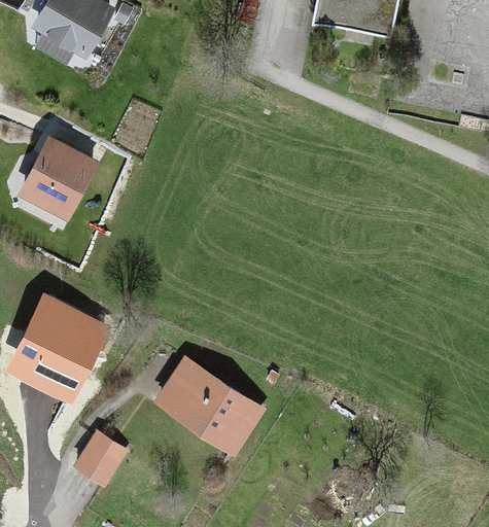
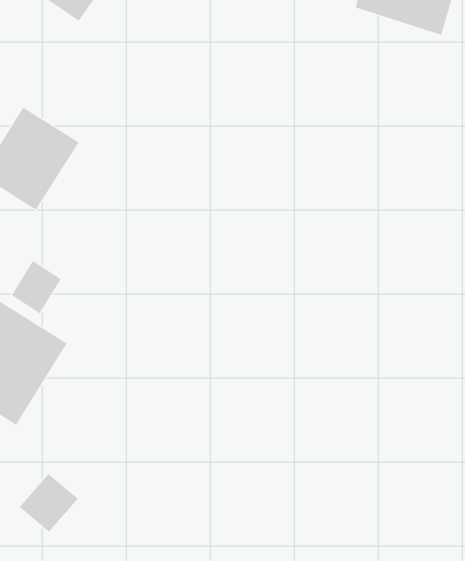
building: none -> [11,260,61,314]
building: [158,359,263,452] -> none

